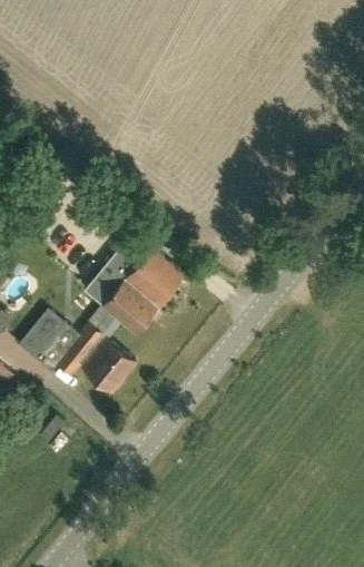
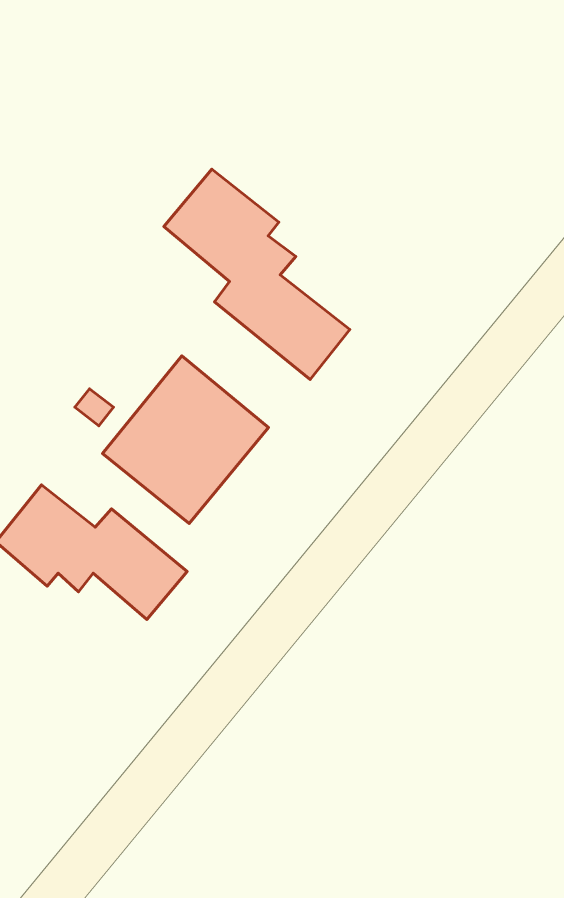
building: none -> [164,169,350,379]

